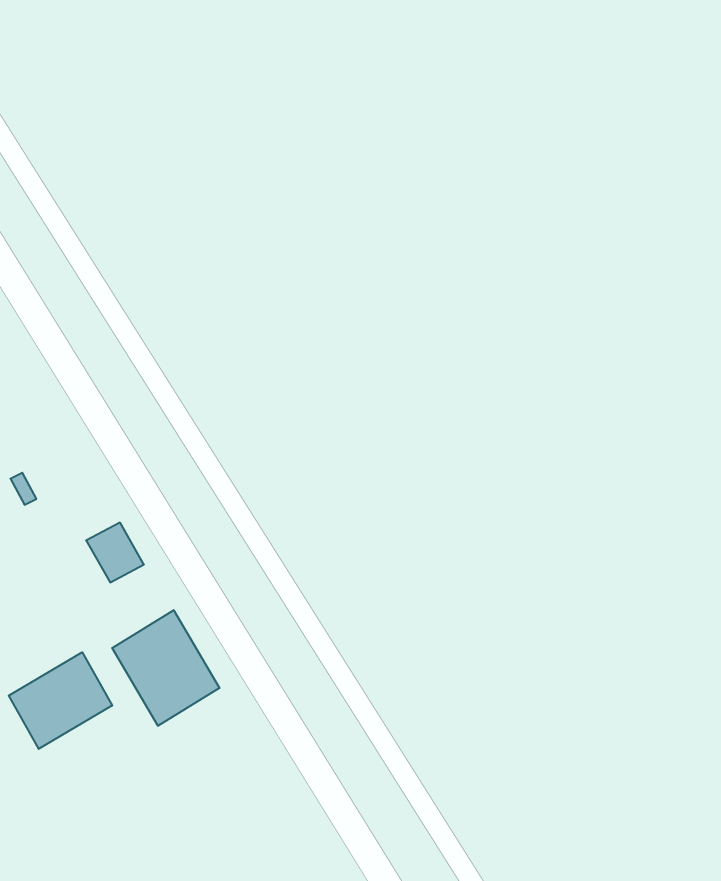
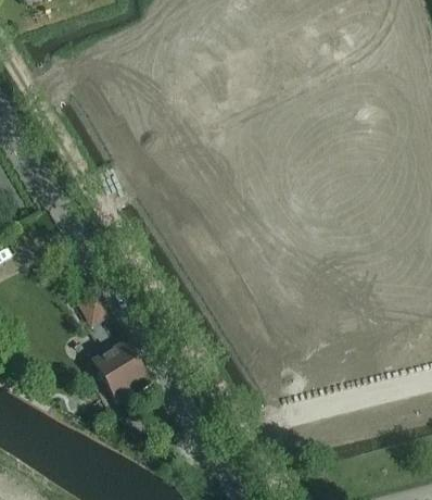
building: [9,652,112,749] -> none

